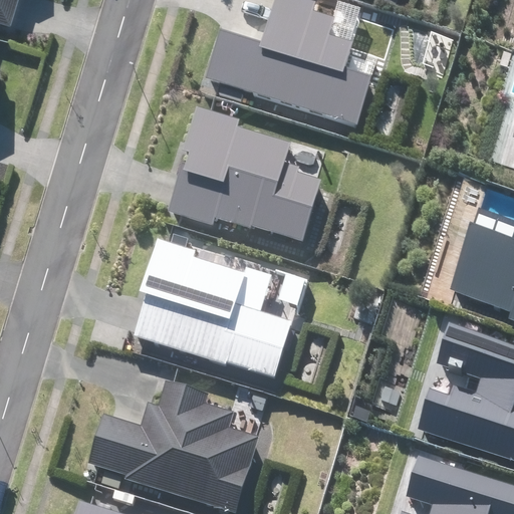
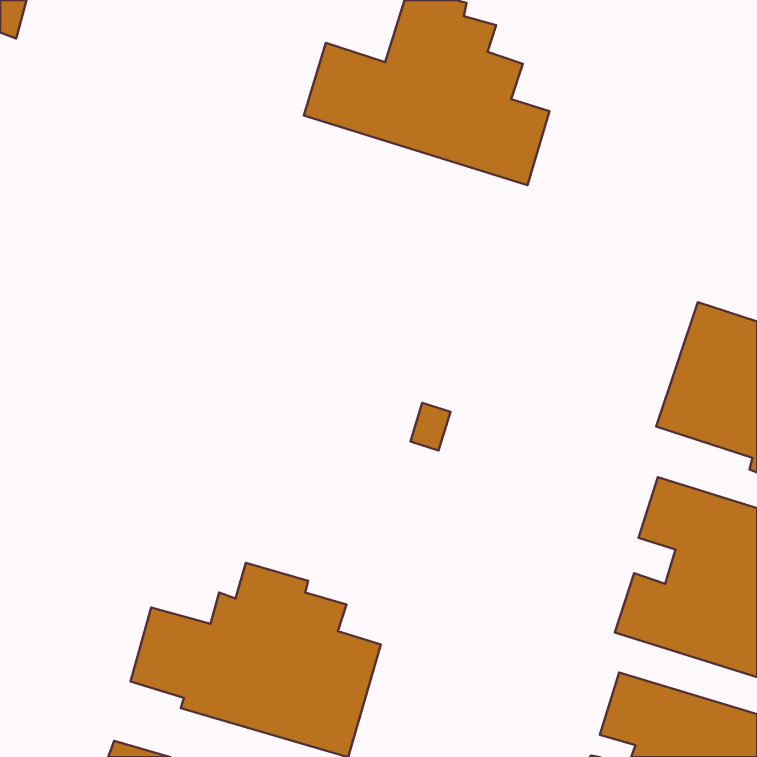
building: [168,107,321,240] -> none
building: [133,238,291,375] -> none

